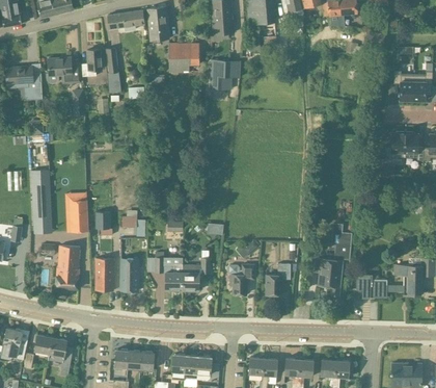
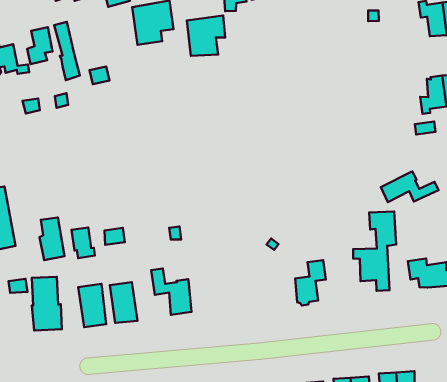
building: none -> [381,171,438,202]
building: [182,257,211,290] -> none
building: [226,264,254,293] -> none

